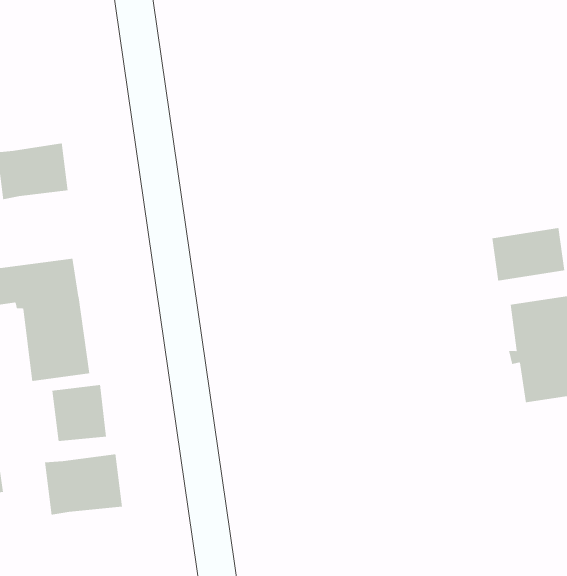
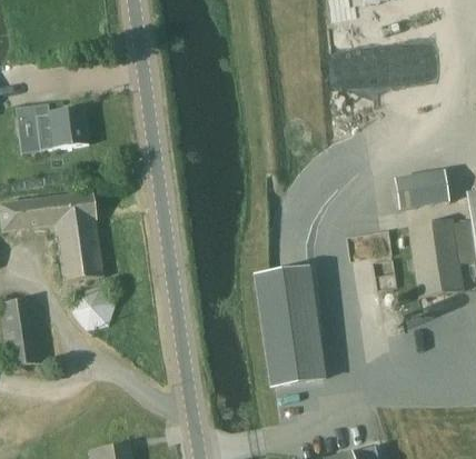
building: none -> [252,266,325,387]
building: [44,453,123,516] -> none

